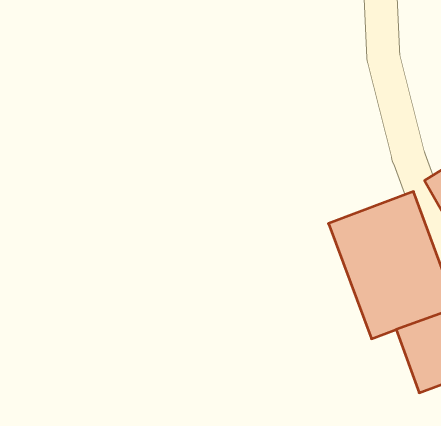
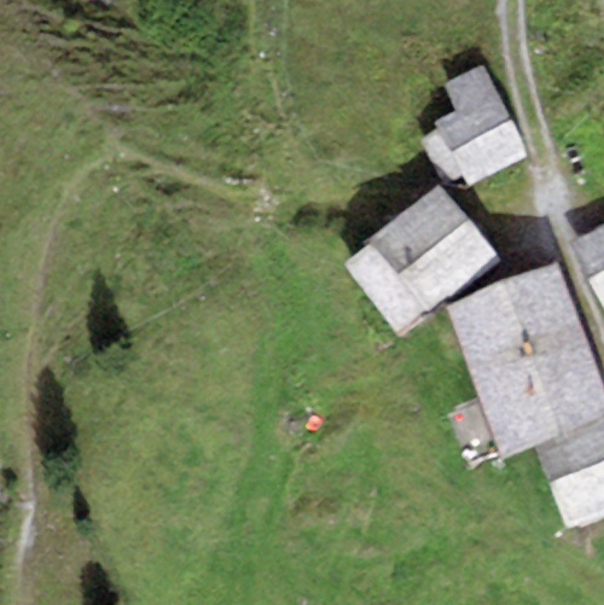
building: none -> [435,65,527,187]
building: none -> [365,184,498,312]

